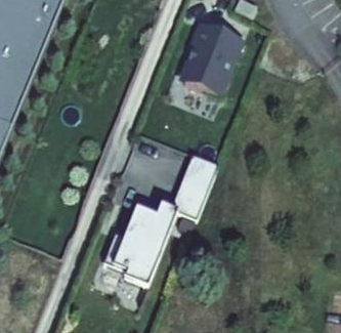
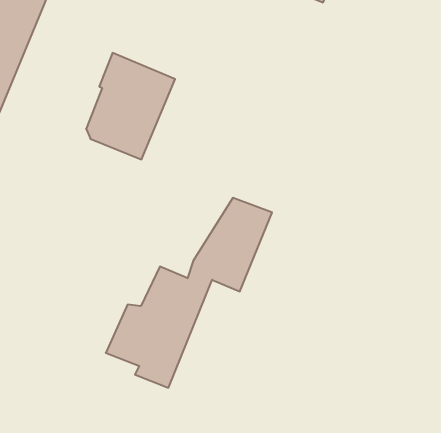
building: [179,24,242,98] -> [86,53,175,159]

